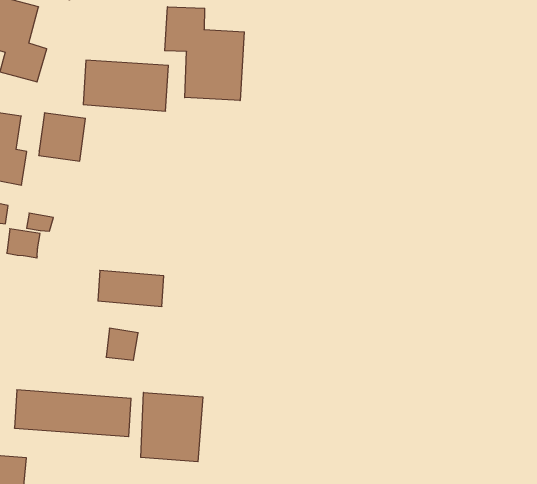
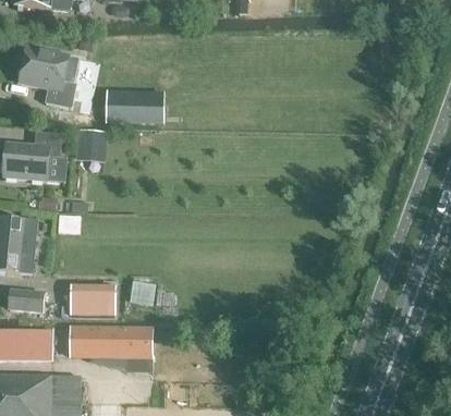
building: [165,7,244,101] -> none
building: [98,270,164,306] -> [69,291,114,314]
building: [141,392,203,462] -> none

